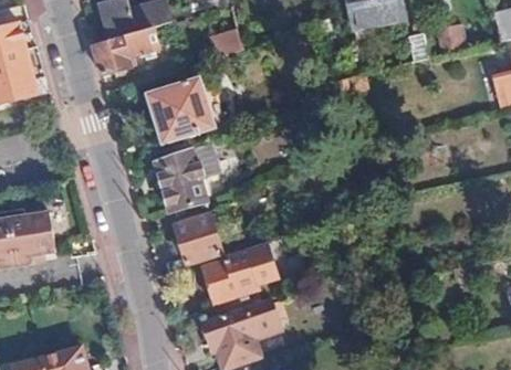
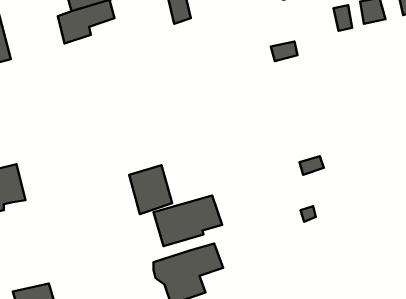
building: [147,77,216,142] -> none
building: [156,140,219,211] -> none

